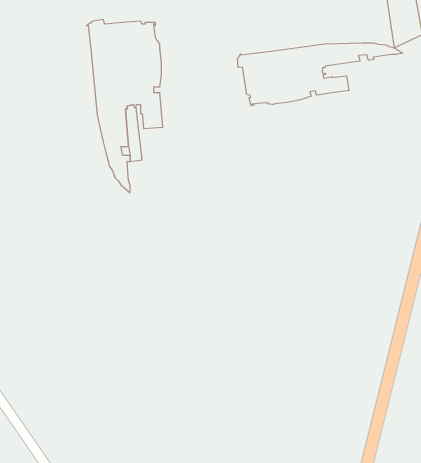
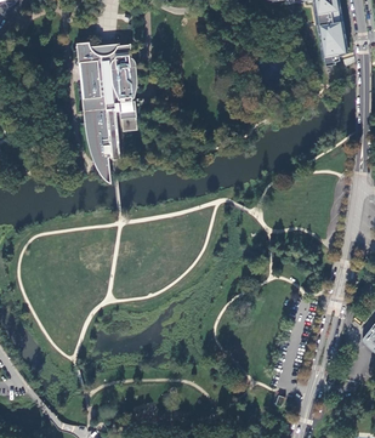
building: [237,43,403,106] -> none

